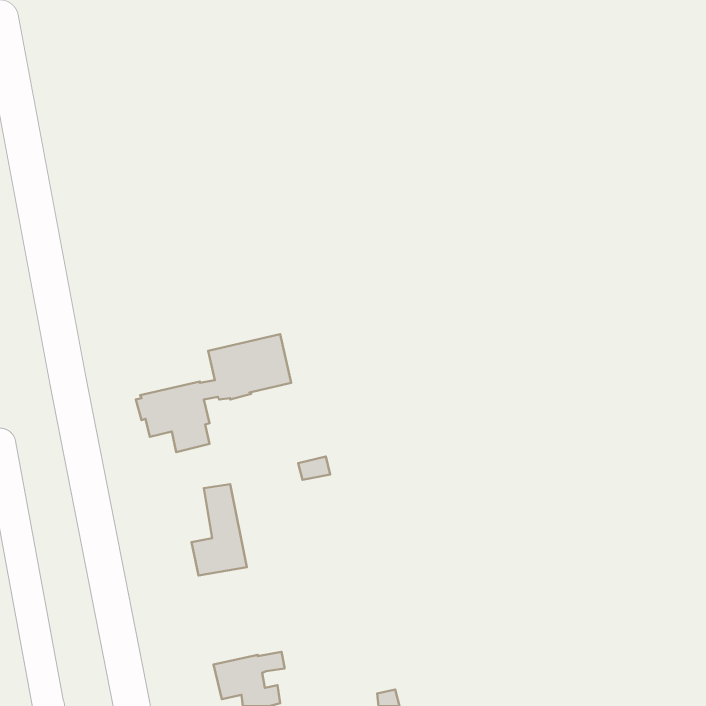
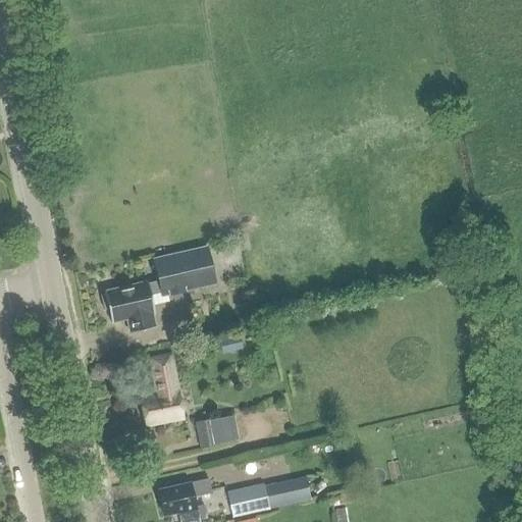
building: none -> [197,418,241,447]
building: none -> [228,482,305,515]

